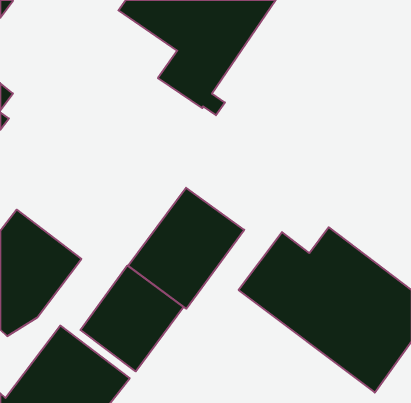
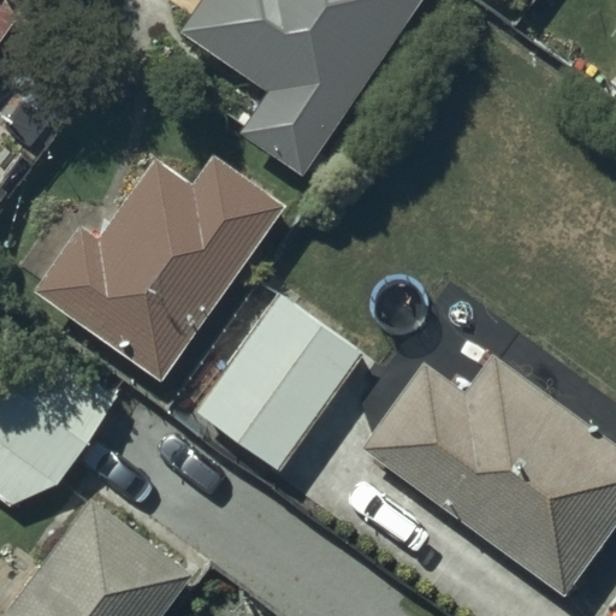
building: none -> [32,152,286,379]
building: [80,266,183,371] -> none

